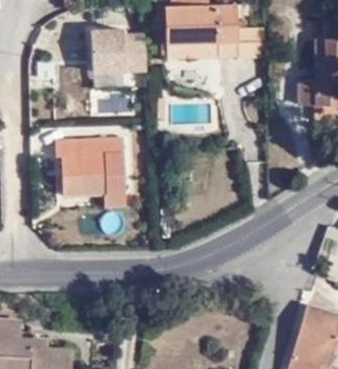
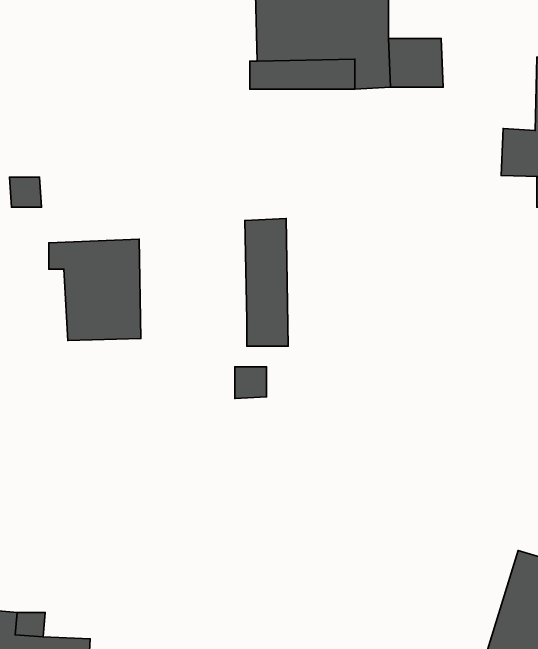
building: [91,30,144,79] -> none
building: [101,137,124,206] -> [245,218,288,346]

